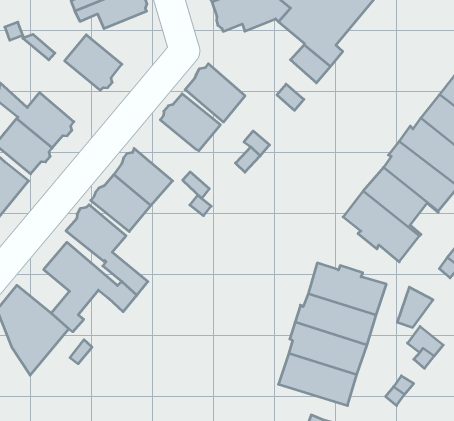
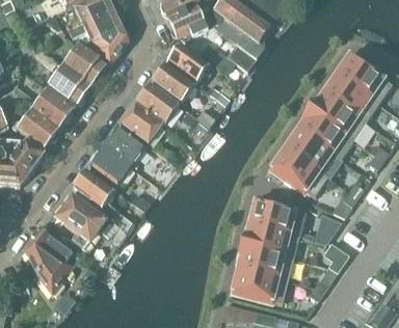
building: none -> [88,25,129,62]
building: none -> [167,40,210,81]
building: none -> [49,64,90,105]
building: none -> [124,103,162,142]

